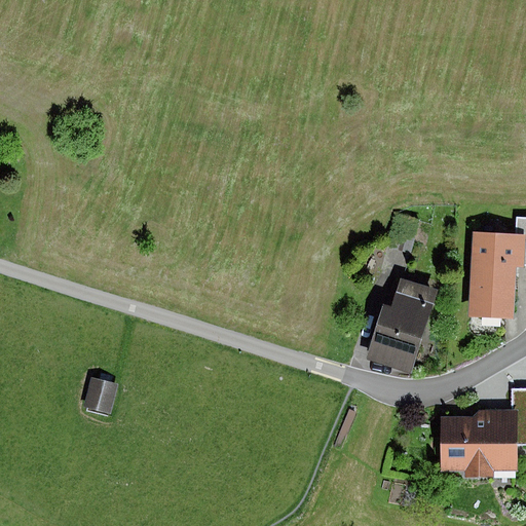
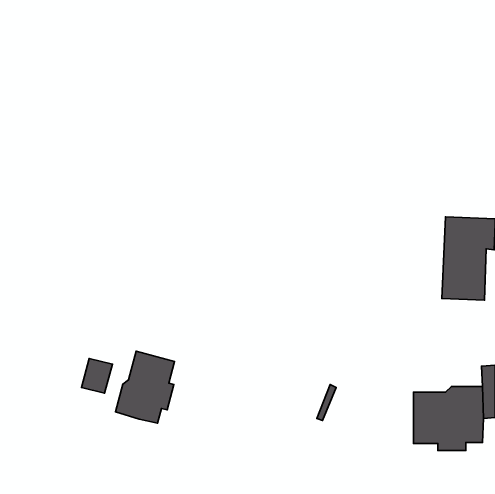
building: [367,277,439,373] -> none
building: none -> [115,351,175,423]

